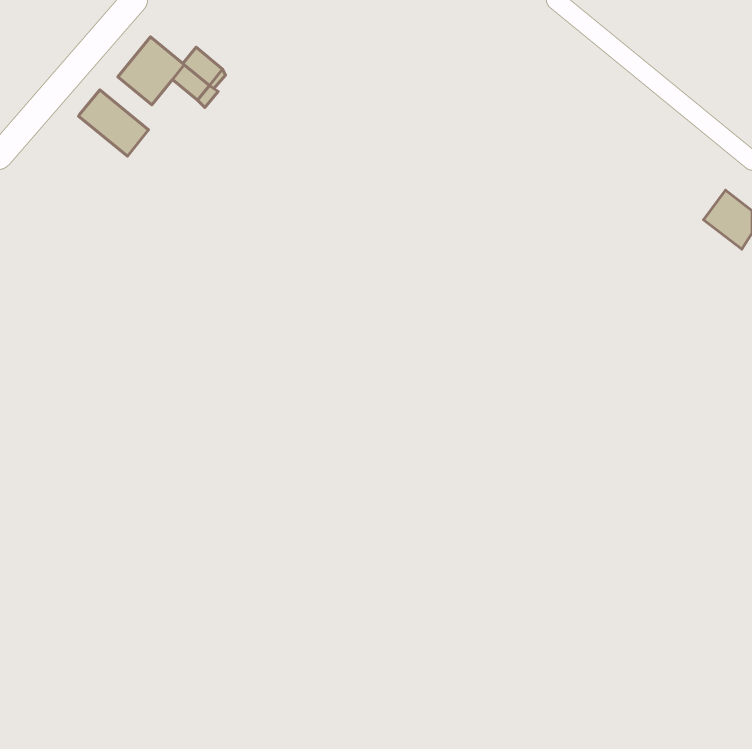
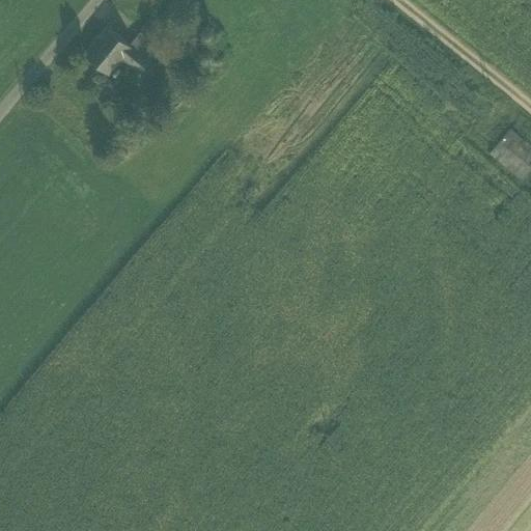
building: [79,90,149,156] -> none

